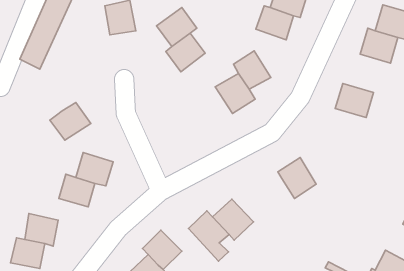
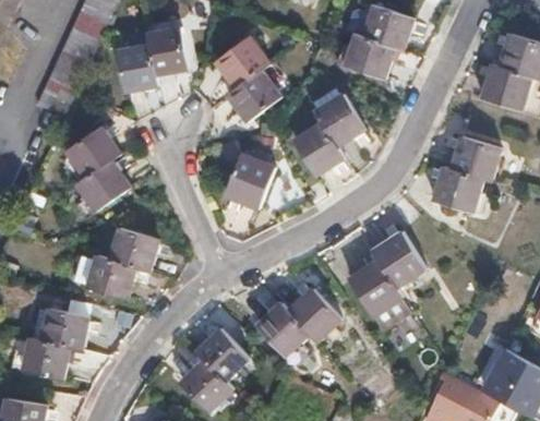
building: none -> [112,33,156,89]
building: none -> [64,127,119,178]
building: none -> [225,156,273,207]
building: none -> [432,167,481,213]
building: none -> [349,261,401,315]

